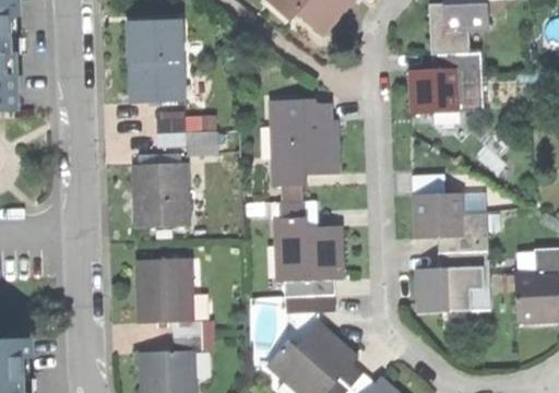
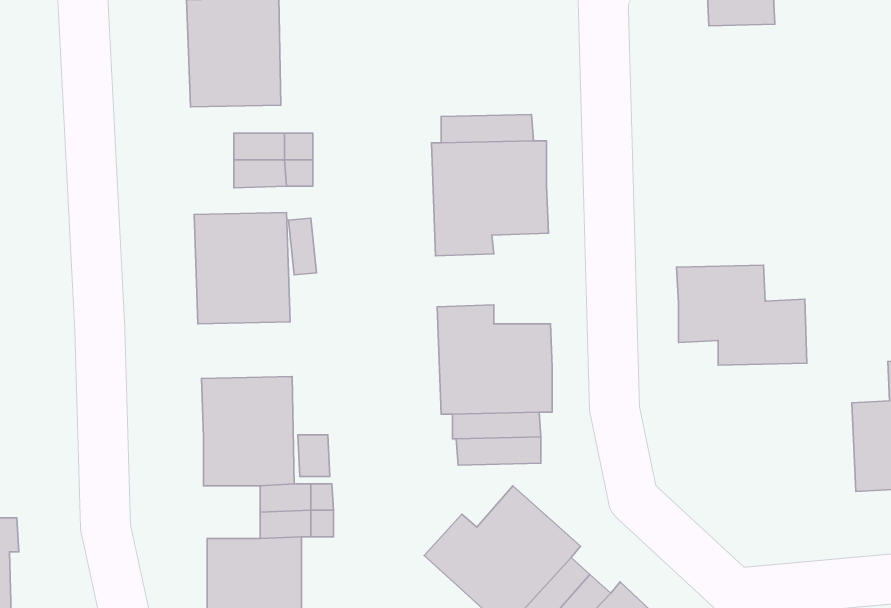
building: [411,52,485,112] -> none
building: [416,249,489,311] -> none

